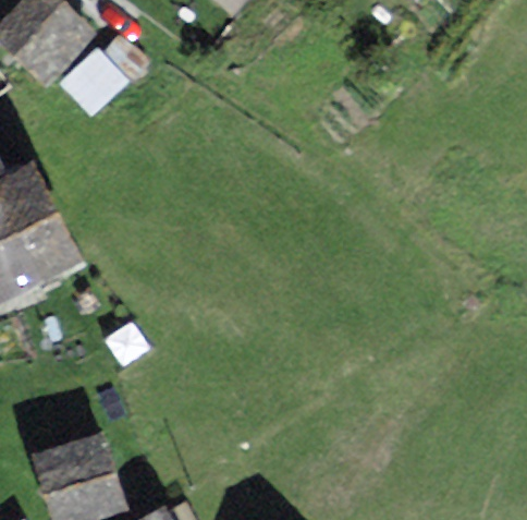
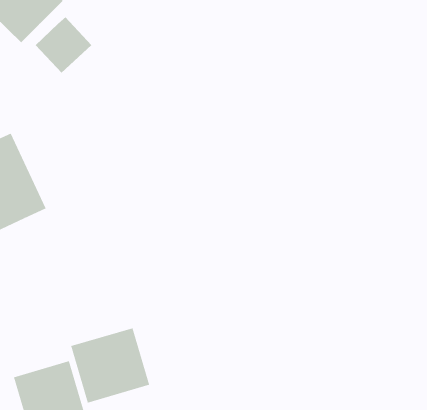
building: none -> [70,327,150,403]

